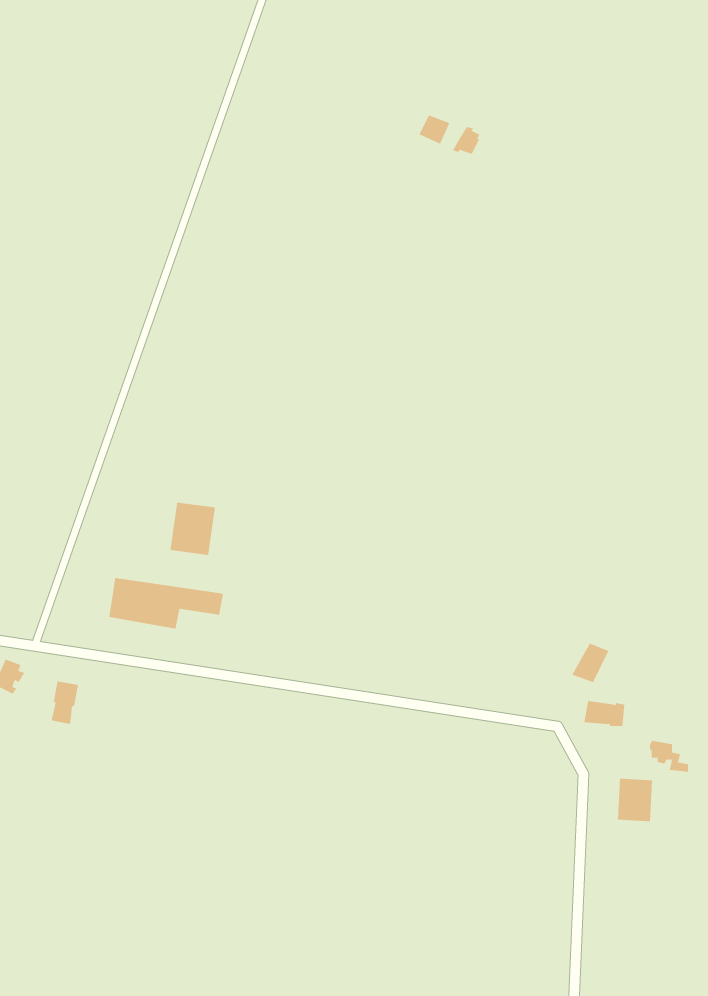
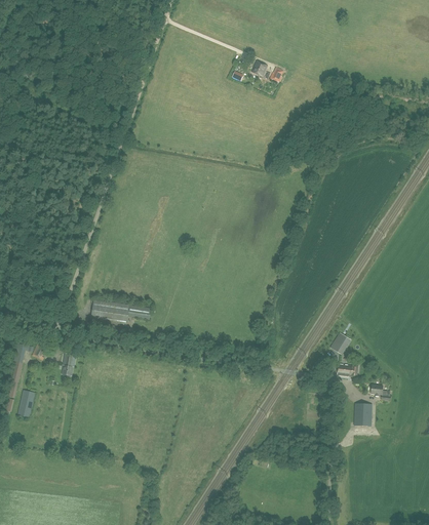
building: [170,502,216,556] -> none

